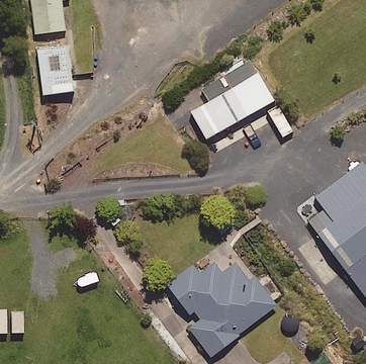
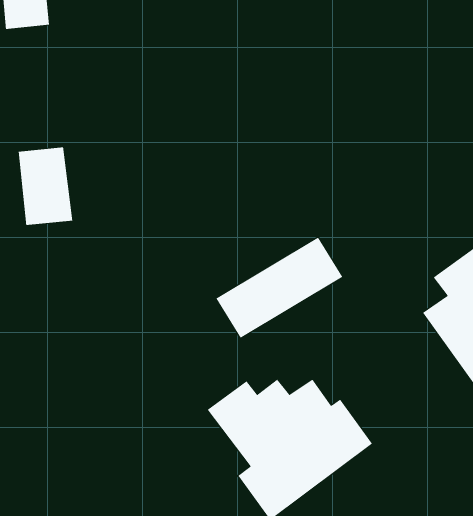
building: [36,42,73,94] -> [18,147,73,225]
building: [190,73,274,140] -> [215,237,343,338]

